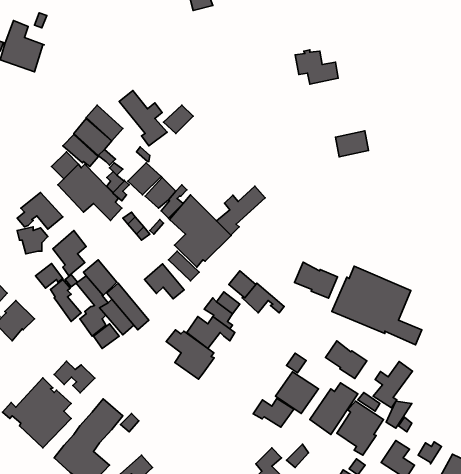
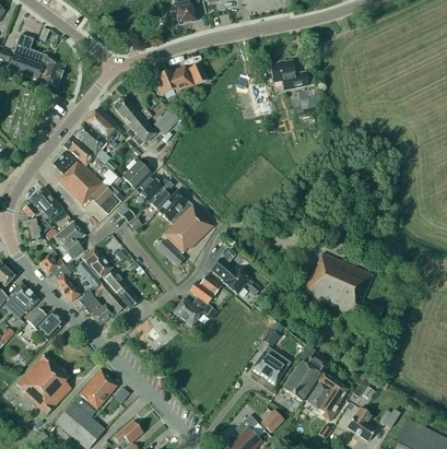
building: none -> [37,56,64,86]
building: none -> [154,64,207,94]
building: [335,131,369,157] -> [291,87,320,110]
building: [217,186,265,235] -> none
building: [295,262,337,298] -> none
building: [145,264,184,299] -> none
building: [166,330,214,379] -> none
building: [326,341,367,379] -> none
building: [54,361,95,393] -> [26,308,62,336]
building: [373,362,413,408] -> none
building: [253,399,294,427] -> none

